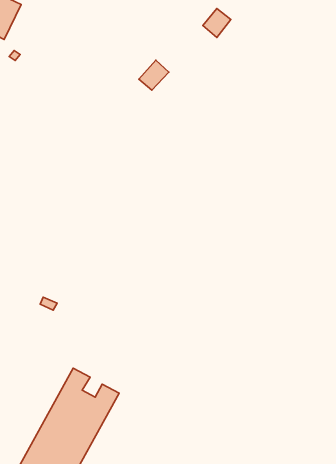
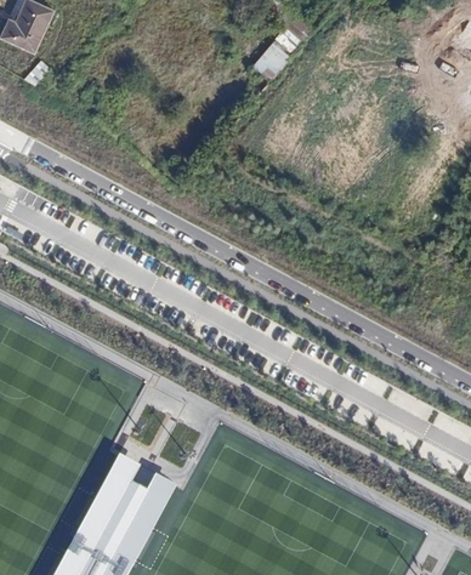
building: [139,60,169,90] -> [255,44,291,80]

